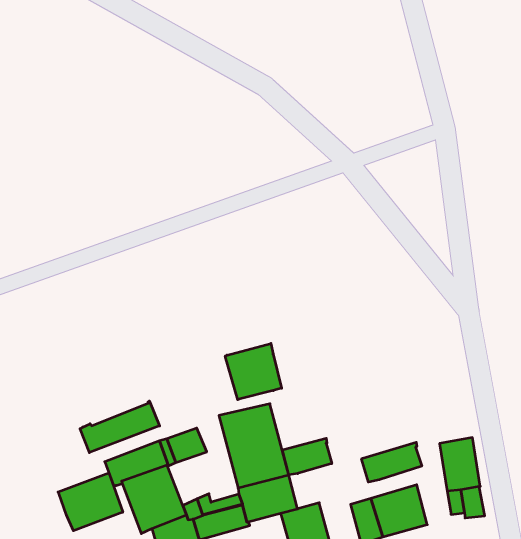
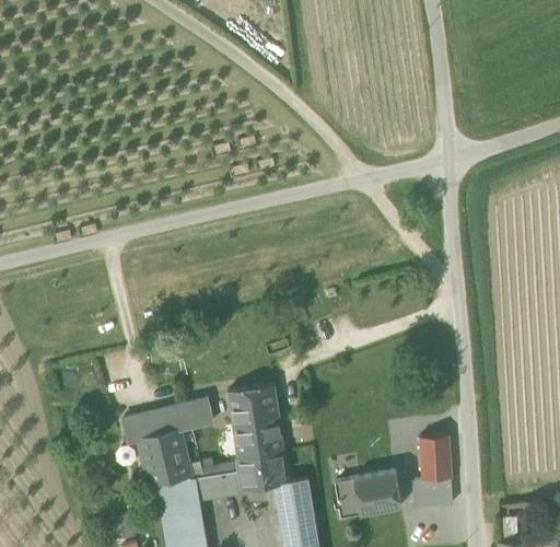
building: [225,343,282,400] -> none
building: [80,401,160,453] -> none
building: [282,438,332,475] -> none
building: [362,442,422,482] -> none
building: [58,473,123,531] -> none

